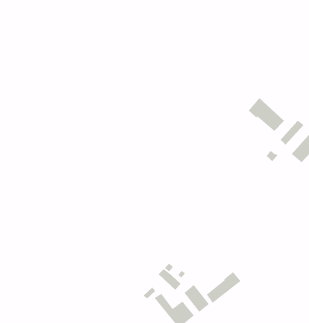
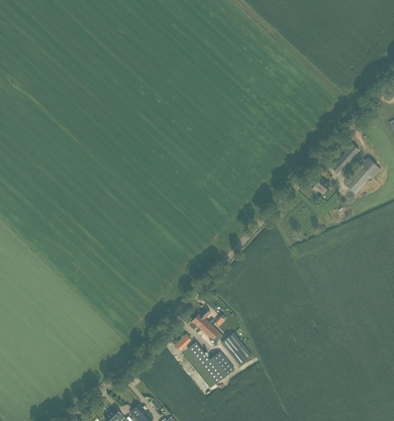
building: [248,97,285,132] -> none
building: [206,271,241,304] -> none

